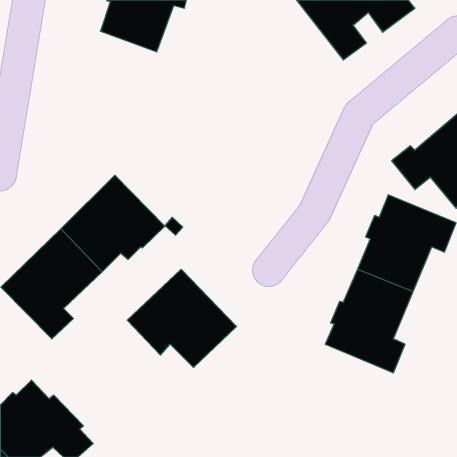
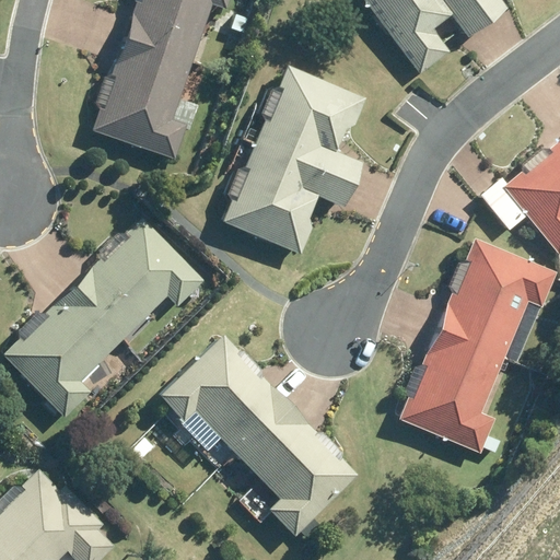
building: none -> [91,38,197,160]
building: none -> [222,68,365,260]
building: none -> [237,399,359,533]

